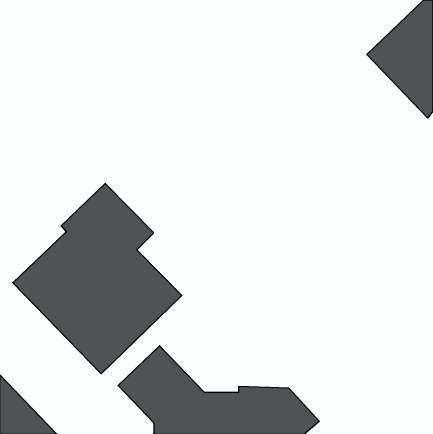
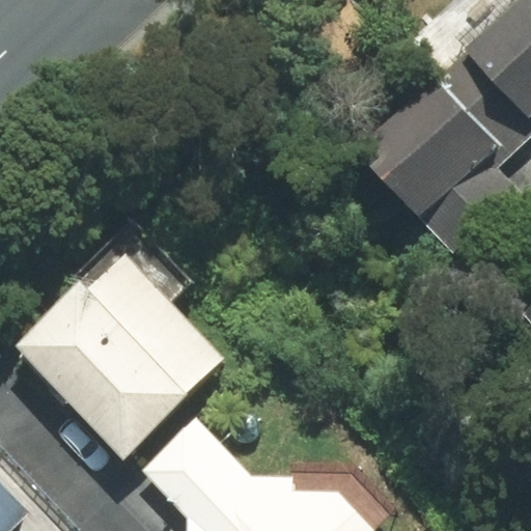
building: none -> [356,75,520,253]

